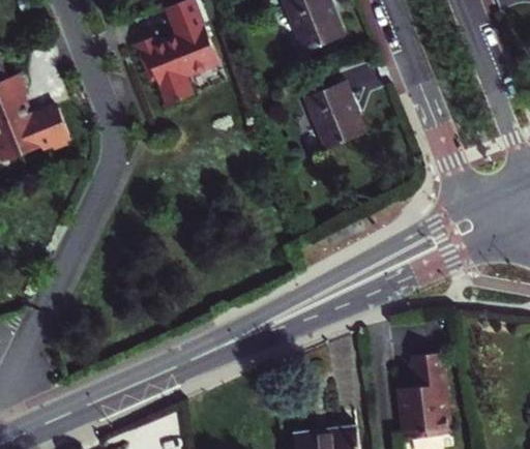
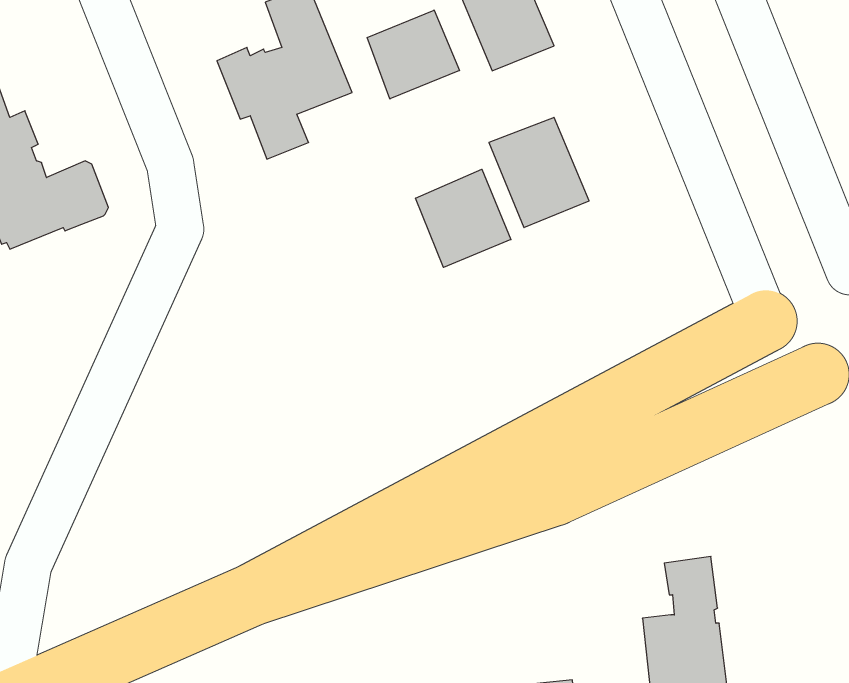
building: none -> [367,10,459,99]
building: none -> [416,169,511,267]

